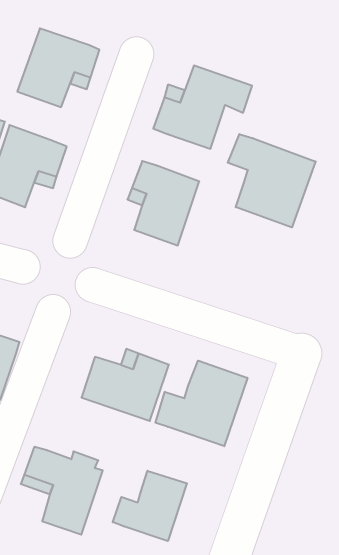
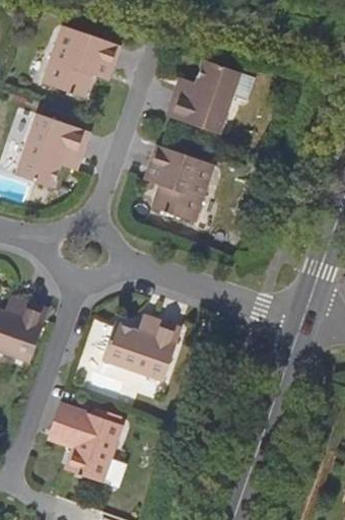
building: [228,134,316,227] -> none
building: [155,361,247,446] -> none
building: [113,471,187,541] -> none

